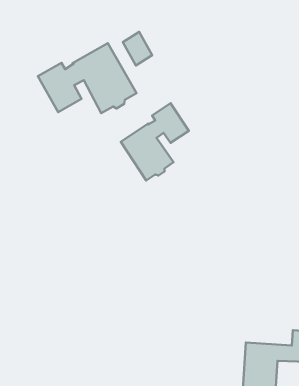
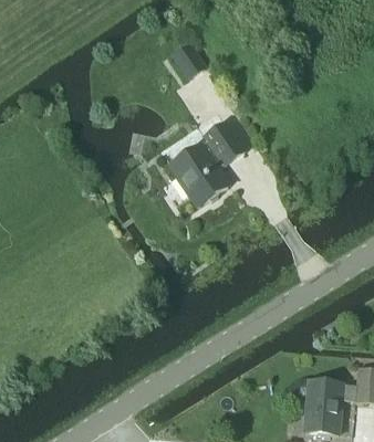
building: [38,43,136,113] -> none

